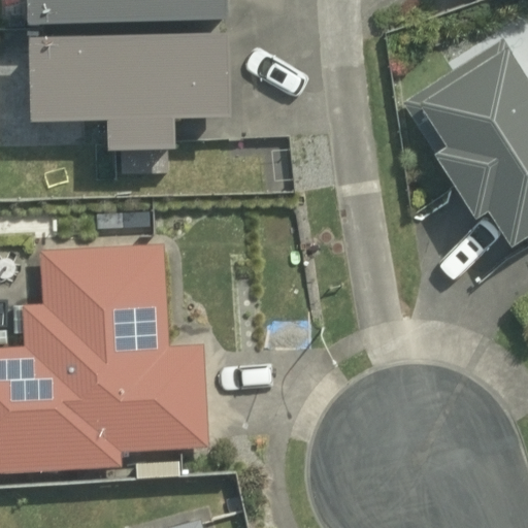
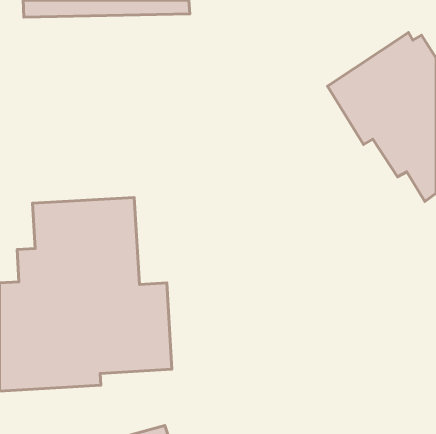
building: [27,32,230,150] -> none

